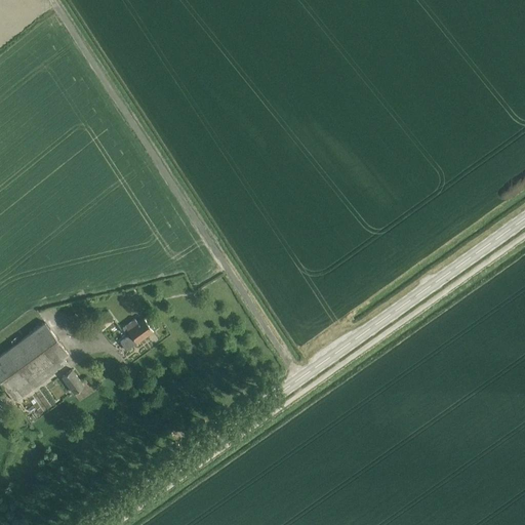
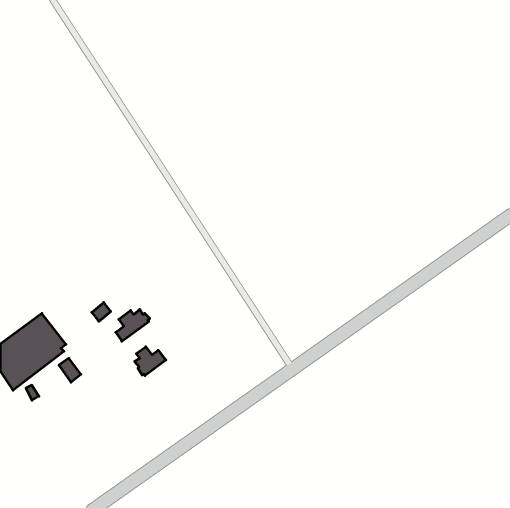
building: none -> [135,347,166,376]

